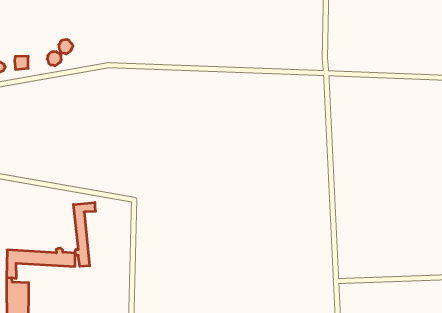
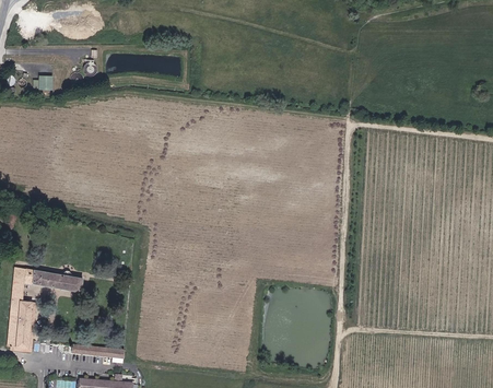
building: [73,202,96,266] -> none

